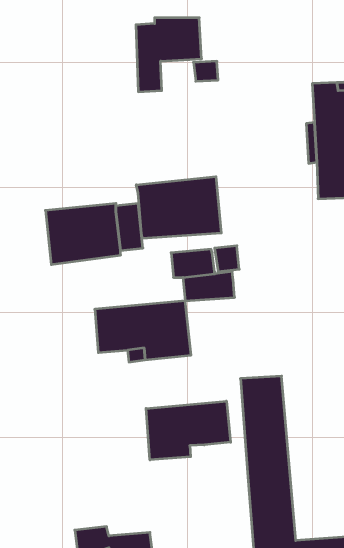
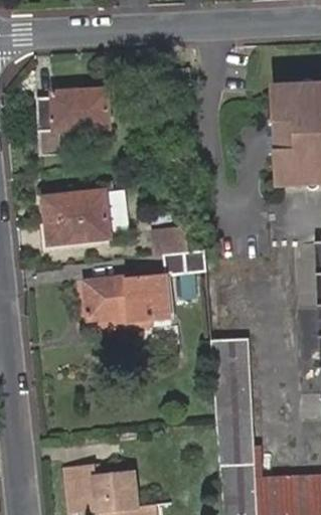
building: [136,18,202,92] -> [38,91,95,154]
building: [136,177,221,239] -> none
building: [146,401,231,460] -> none

